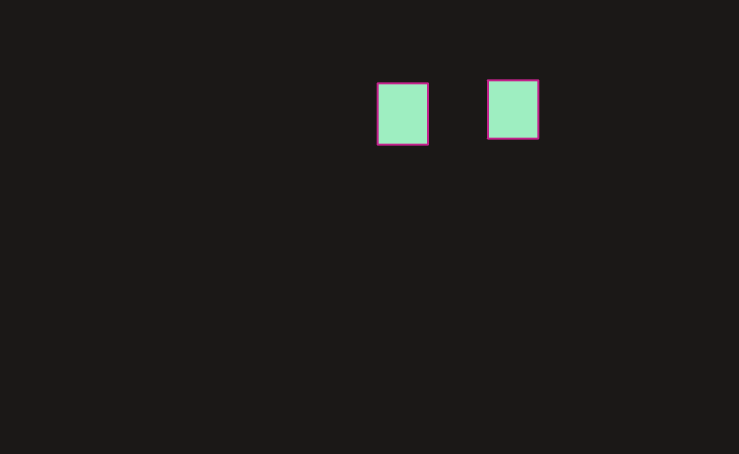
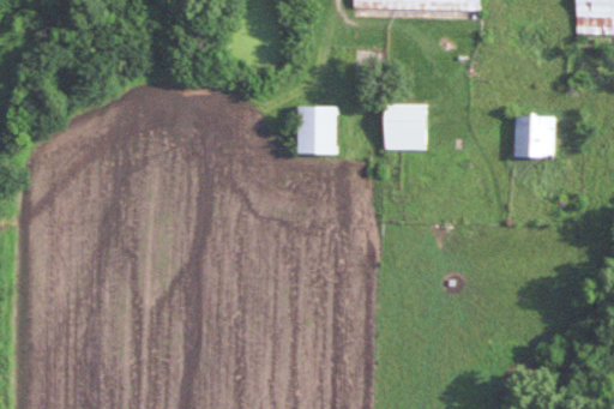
building: none -> [514,115,555,157]

